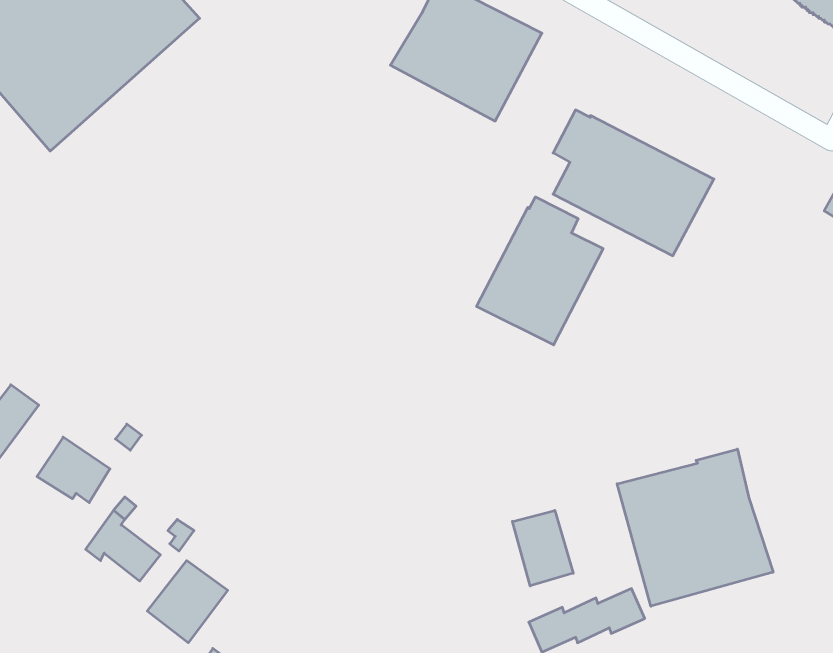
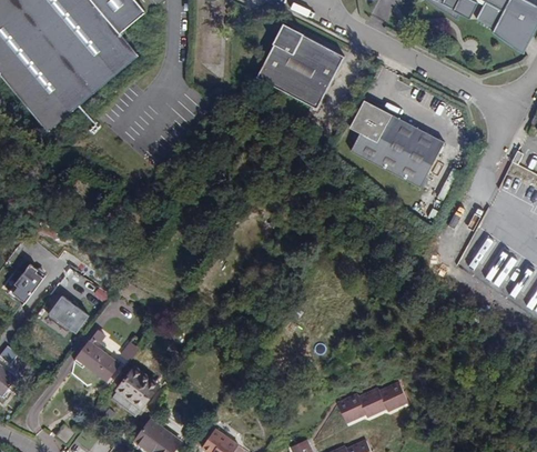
building: [477,197,603,345] -> none
building: [617,449,773,606] -> none
building: [512,510,573,586] -> none

